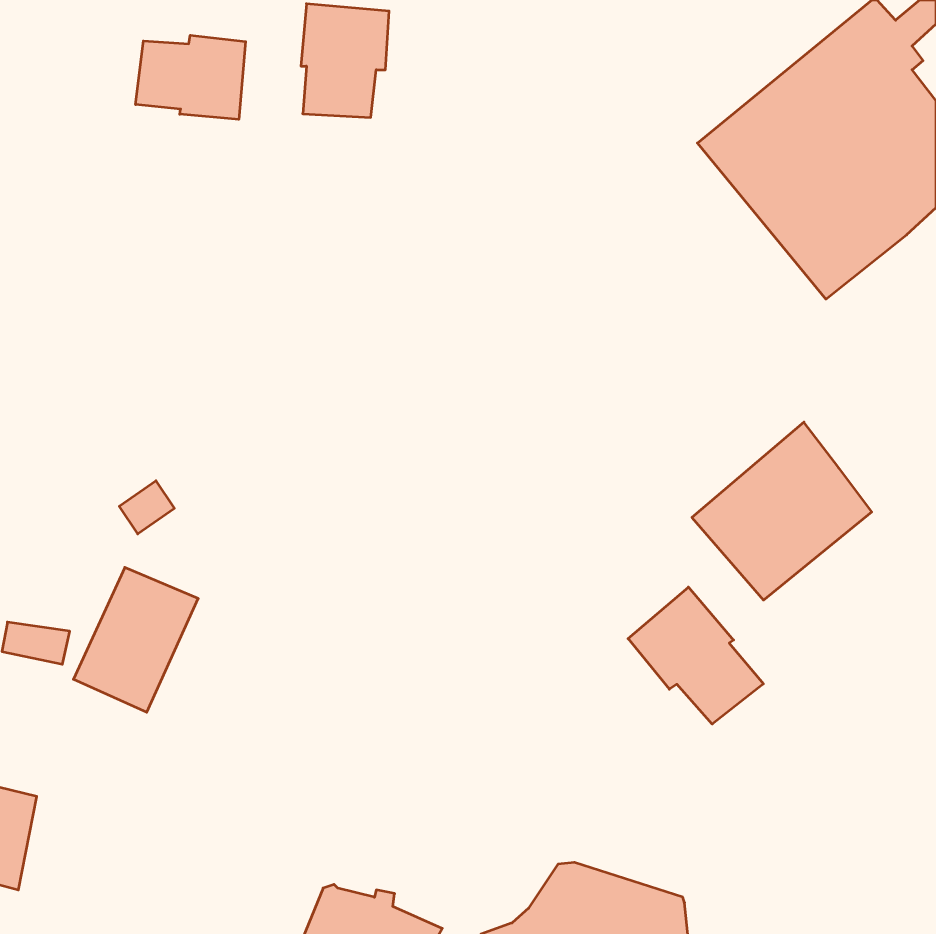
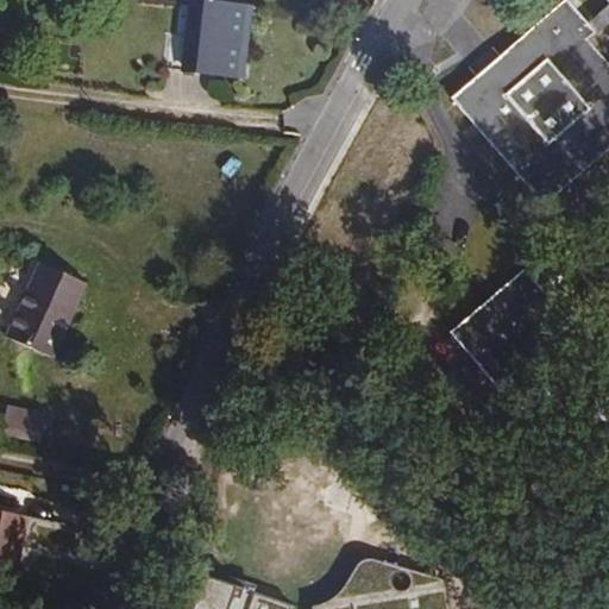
building: [136,35,246,119] -> none
building: [73,567,198,712] -> [8,263,89,357]
building: [628,587,763,724] -> none

